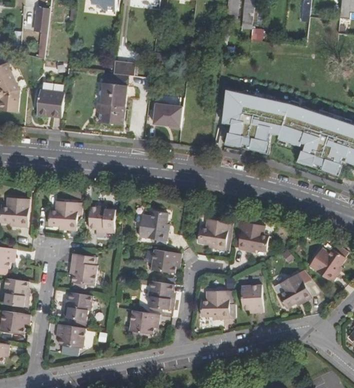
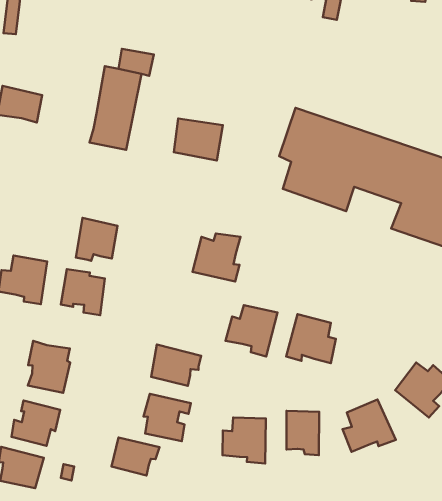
building: none -> [76,218,117,261]
building: [137,211,167,241] -> [193,233,240,281]

